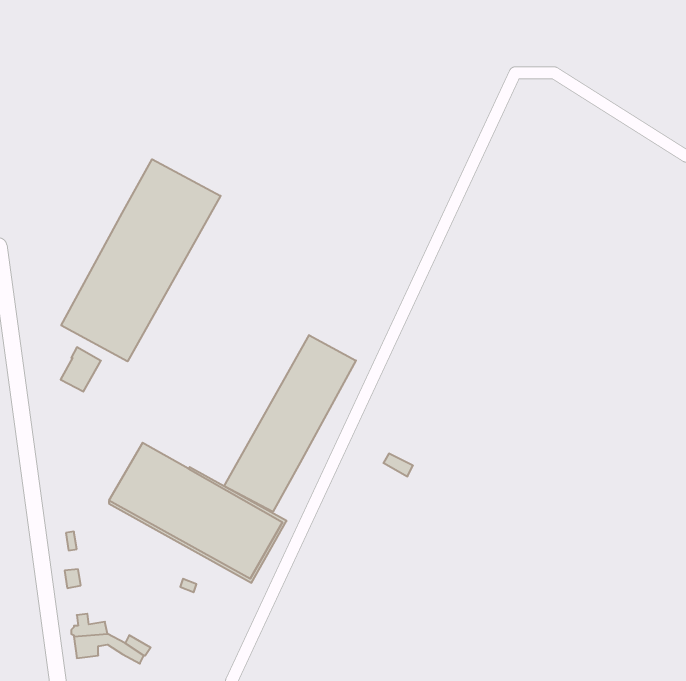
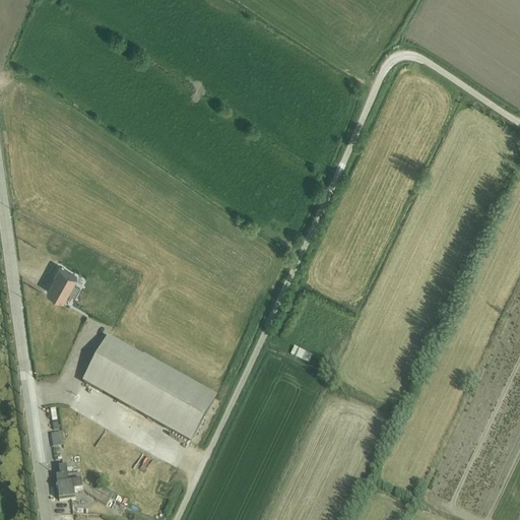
building: [61,159,221,361] -> none
building: [224,335,356,512] -> none

